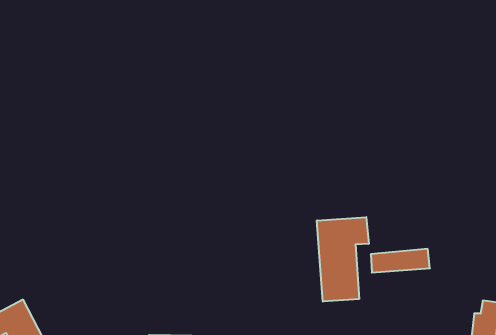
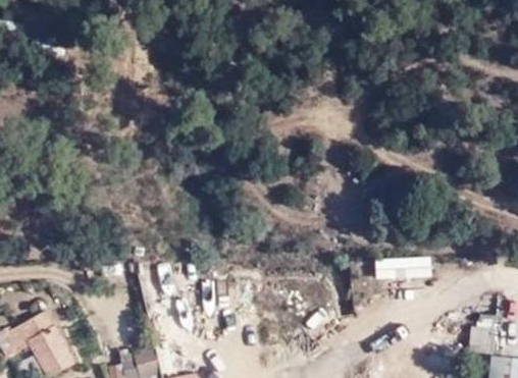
building: [317,217,369,302] -> none

